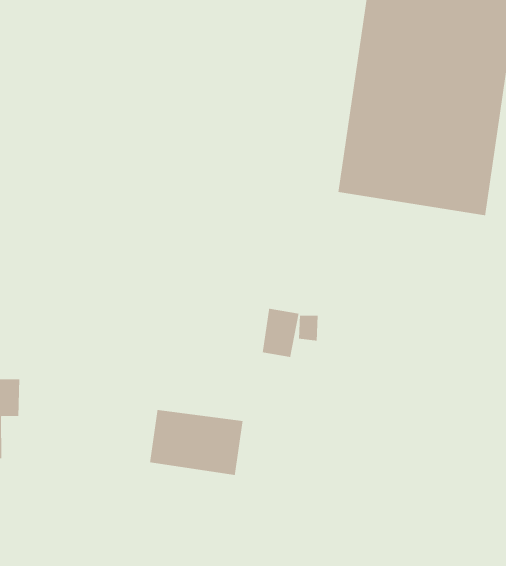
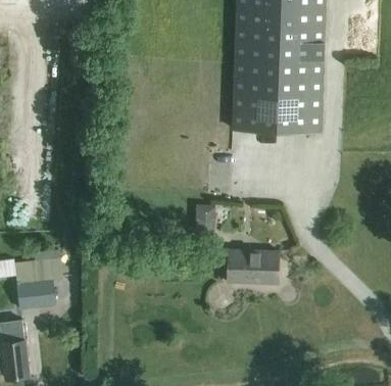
building: [149,409,243,476] -> [229,250,281,284]

